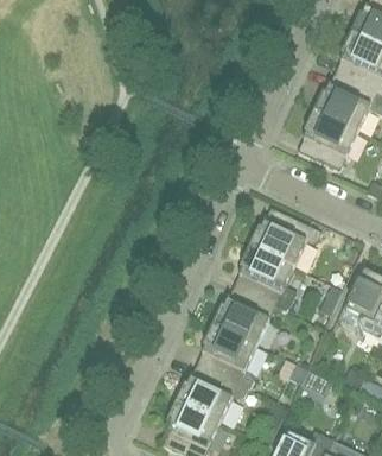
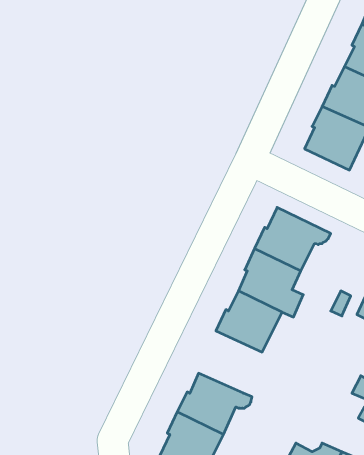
building: [197,327,257,391] -> none

